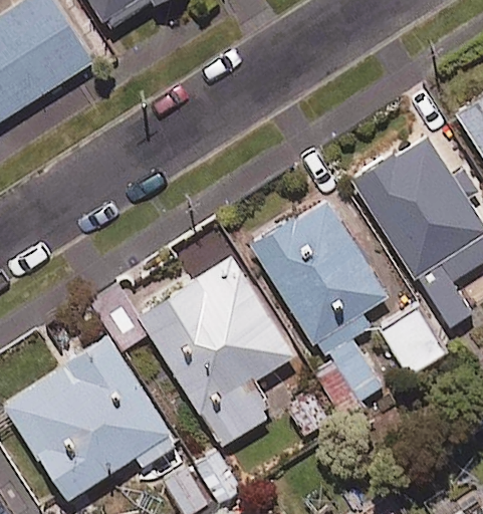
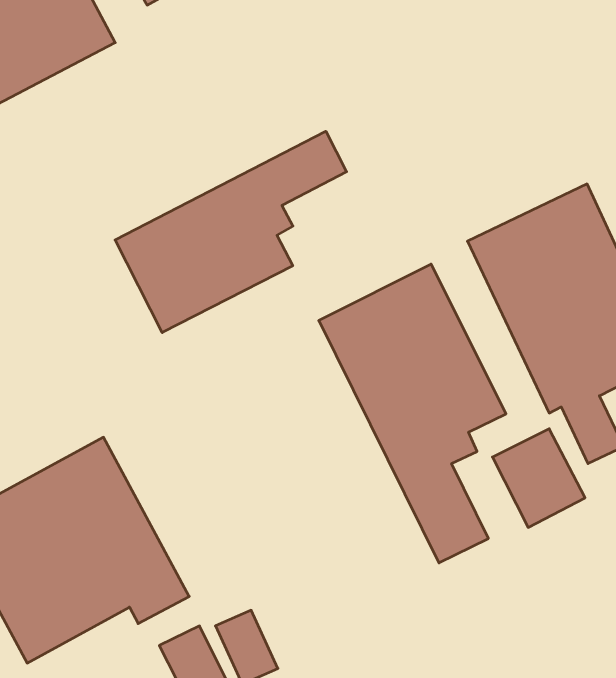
building: none -> [115,131,347,333]
building: [139,259,293,447] -> none

